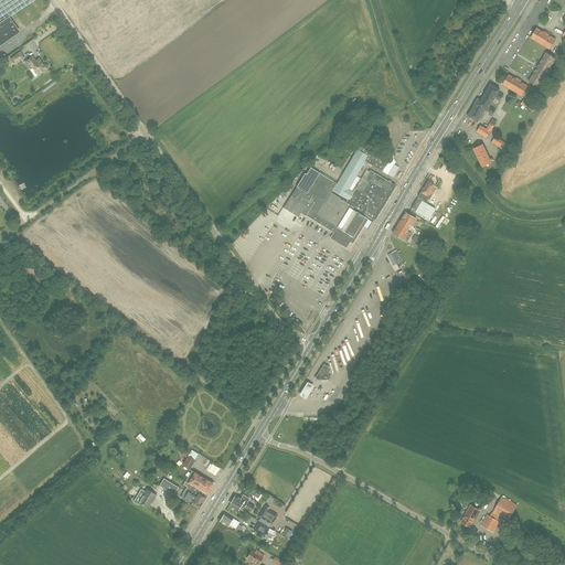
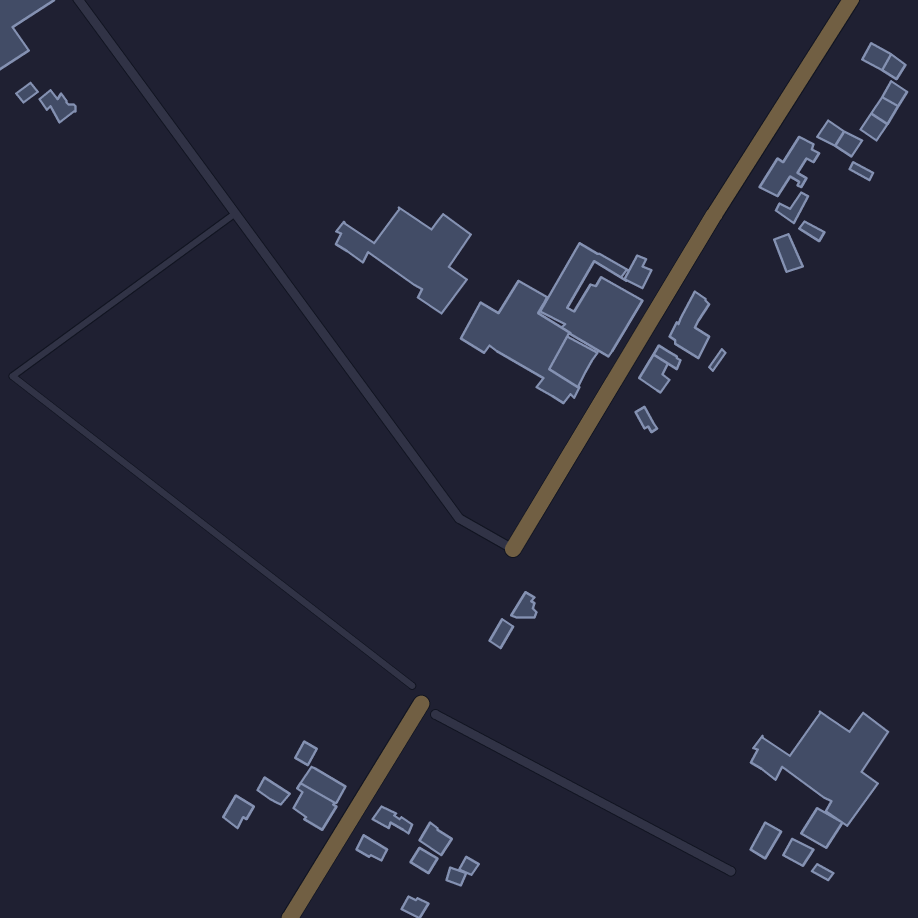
building: none -> [336,207,471,313]
building: none -> [751,711,888,826]

